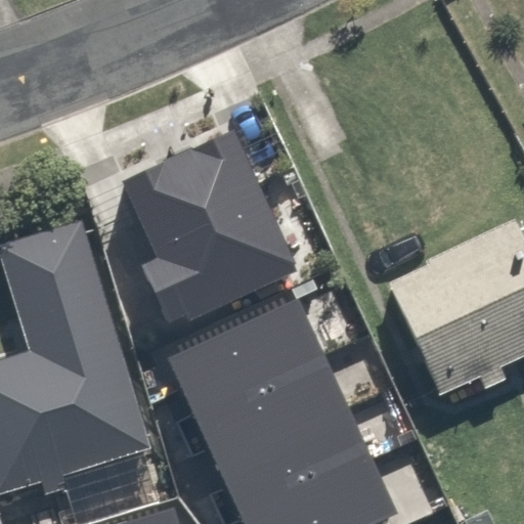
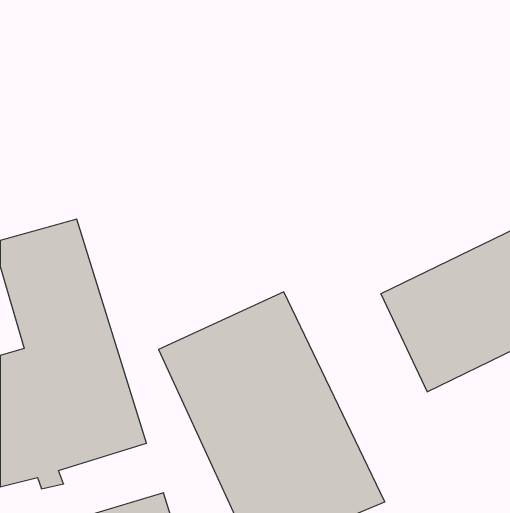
building: [122,128,297,324] -> none

